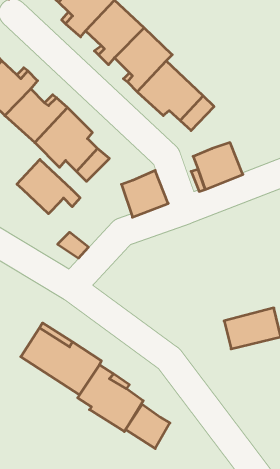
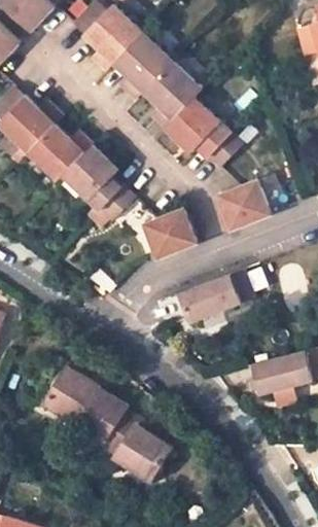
building: [17,159,80,214] -> none
building: none -> [181,268,255,321]
building: [126,404,170,449] -> none

